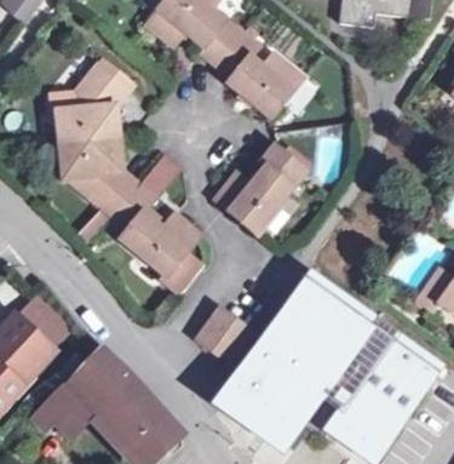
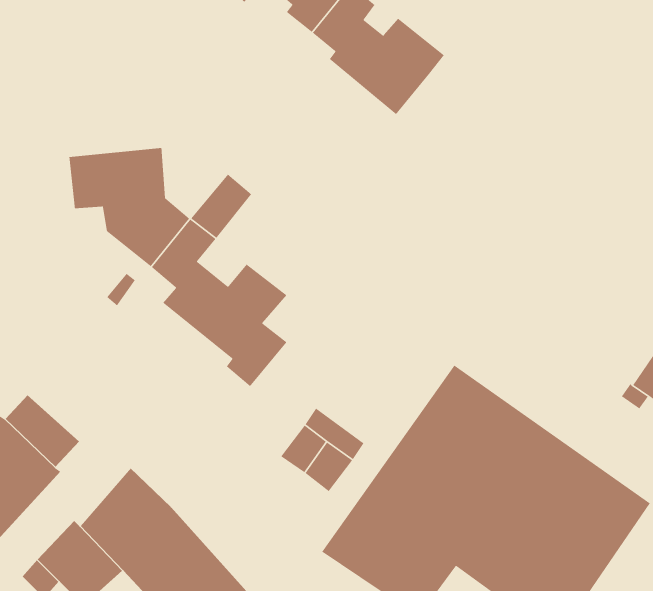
building: [51,57,128,144] -> none
building: [214,144,306,233] -> none

